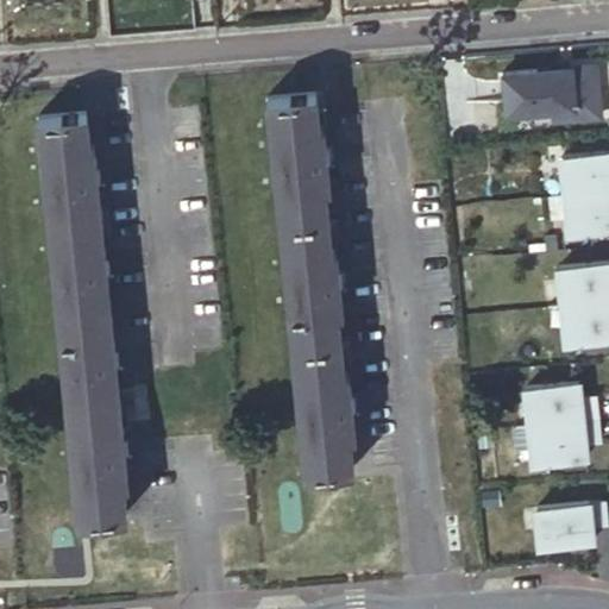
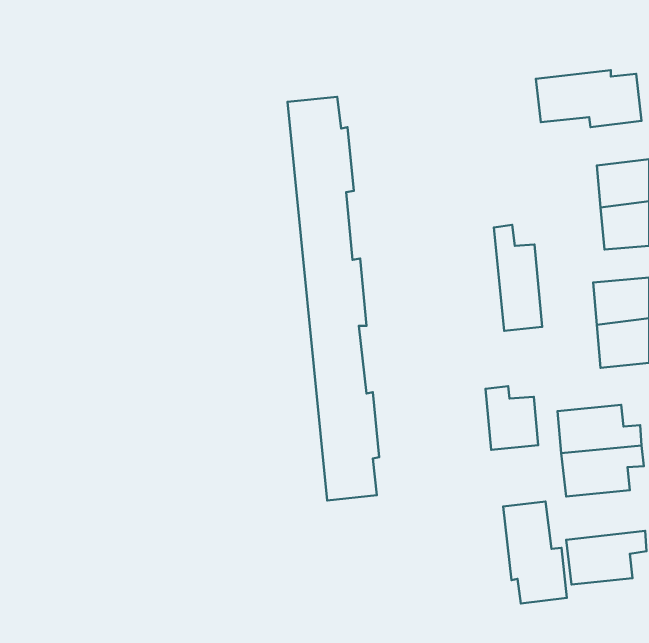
building: [38,118,124,521] -> none
building: none -> [494,225,542,331]
building: none -> [485,386,538,450]
building: none -> [503,502,567,604]

